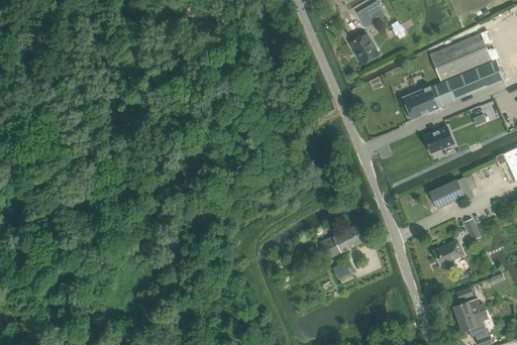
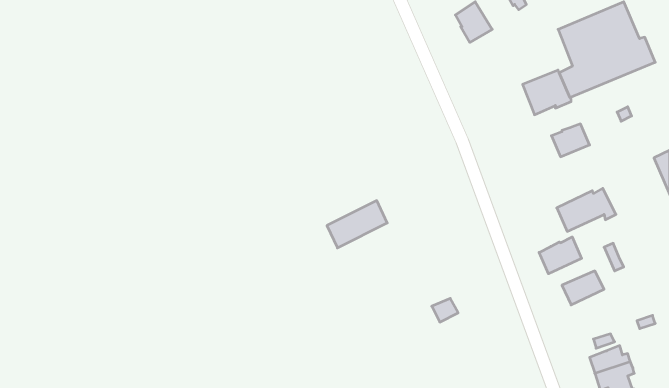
building: none -> [539,237,582,274]
building: [316,225,363,261] -> [327,201,387,248]

